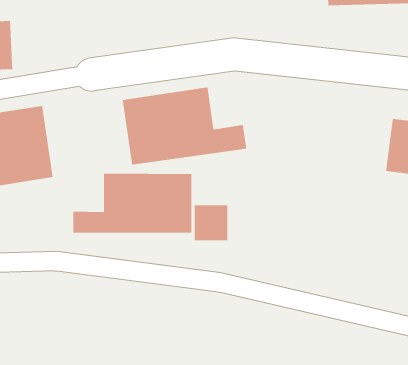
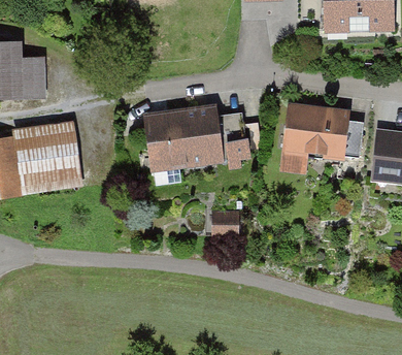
building: none -> [278,103,351,175]
building: [73,173,192,233] -> none

